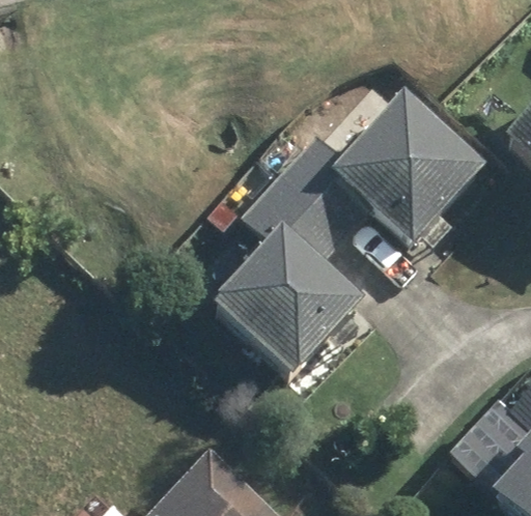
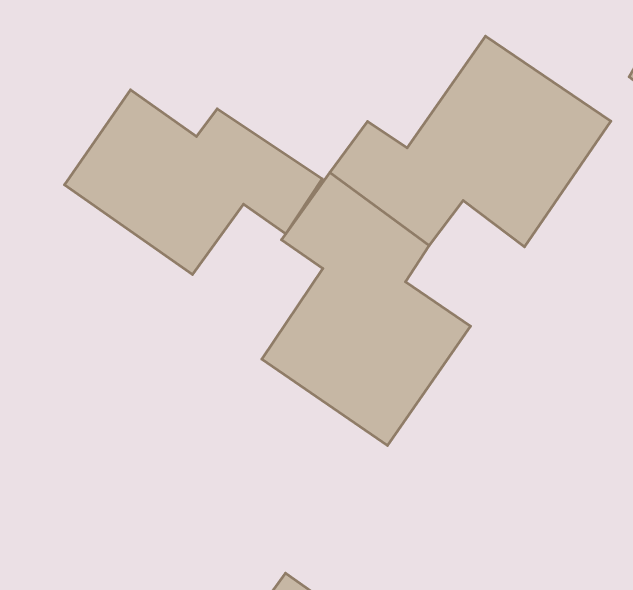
building: none -> [65,90,322,275]

